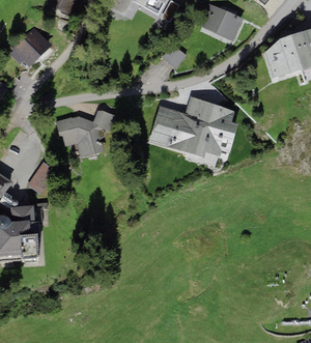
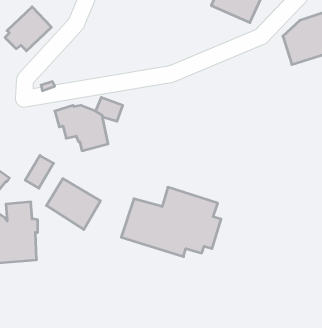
building: [147,96,238,160] -> [121,187,221,257]
building: none -> [46,179,100,230]

